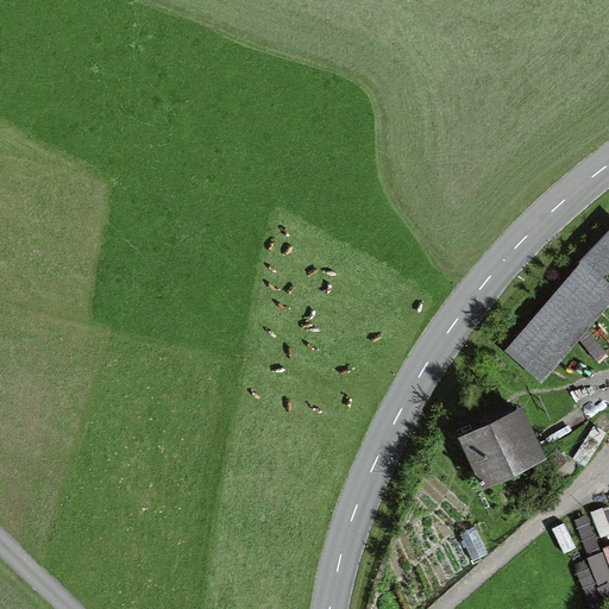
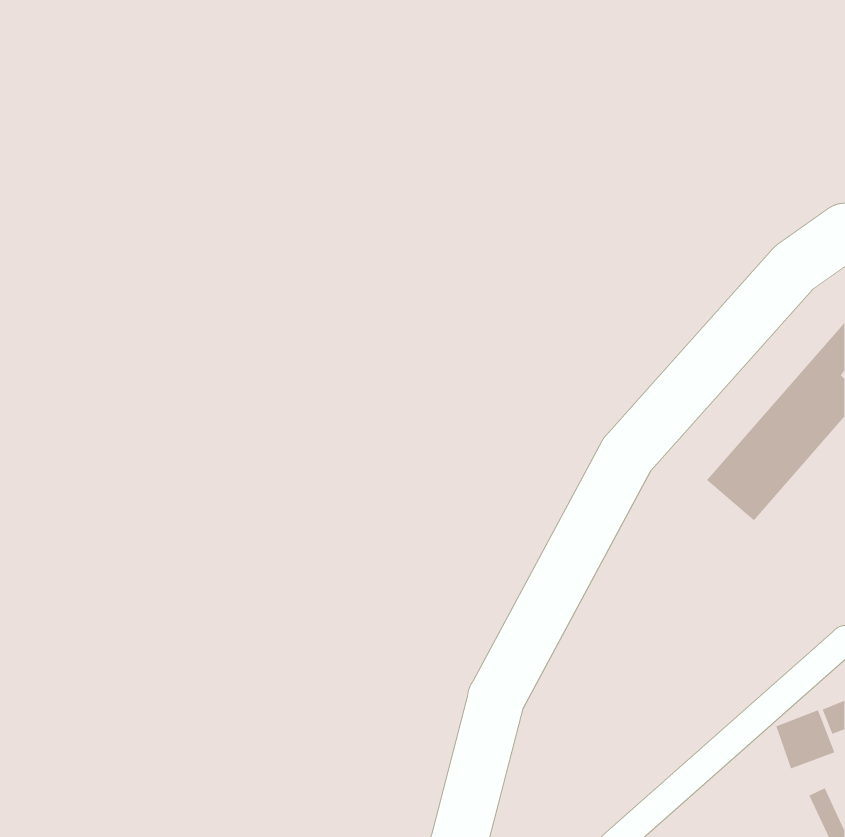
building: [457,404,548,488] -> none

